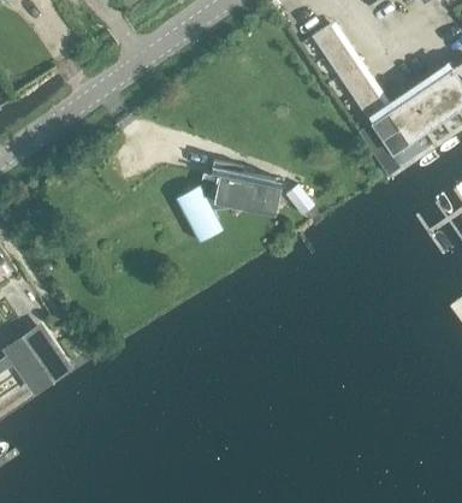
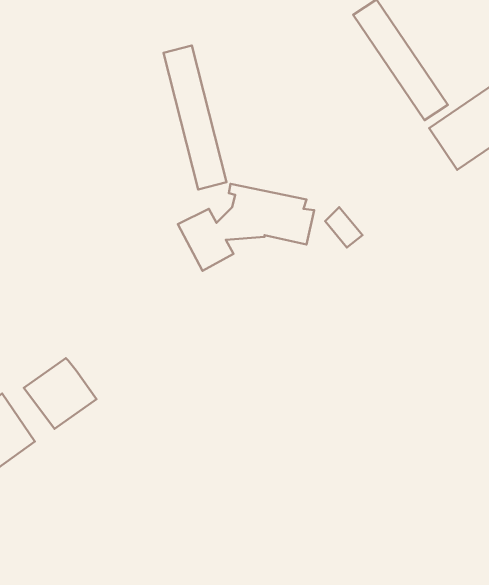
building: none -> [164,45,227,190]
building: none -> [24,358,96,429]

